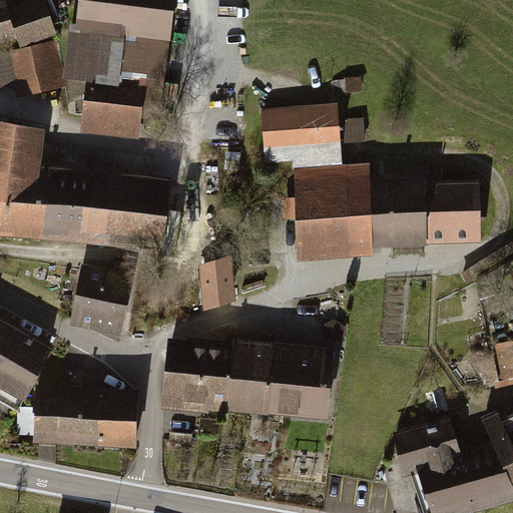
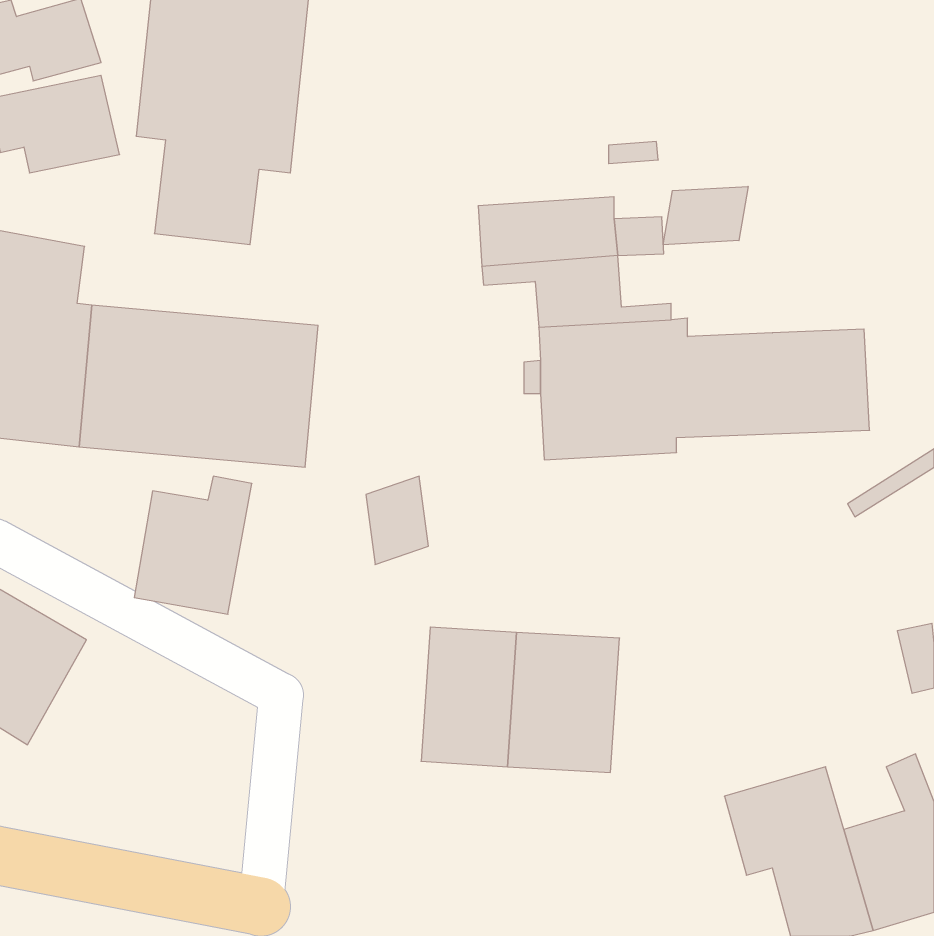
building: none -> [663,186,748,245]
building: [166,338,234,415] -> none
building: [34,385,137,450] -> none

